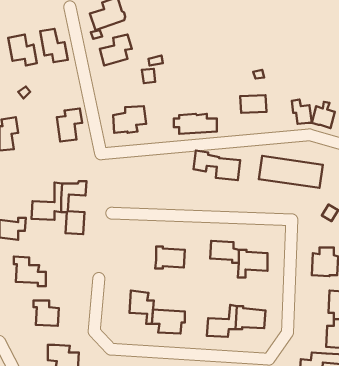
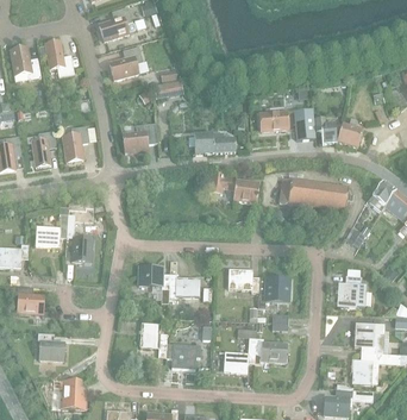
building: none -> [294,108,314,139]
building: none -> [31,130,56,165]
building: none -> [138,265,169,302]

